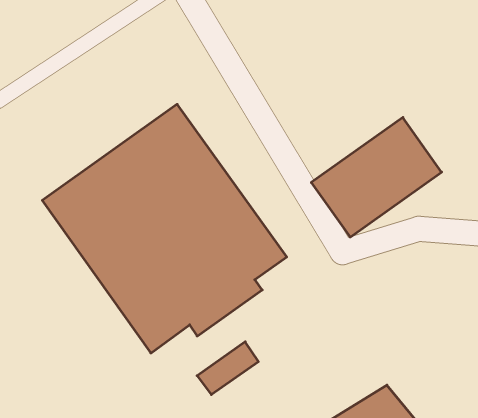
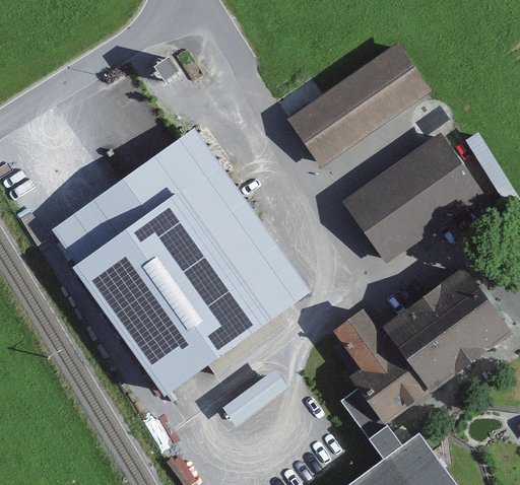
building: none -> [283,49,426,169]
building: none -> [330,269,507,426]

